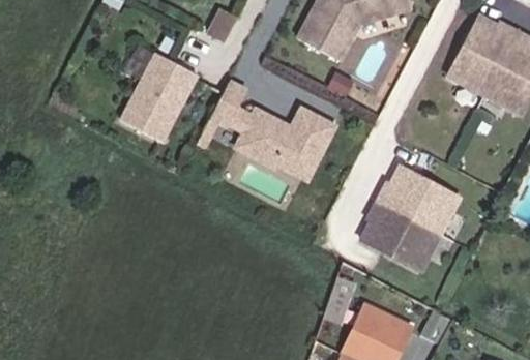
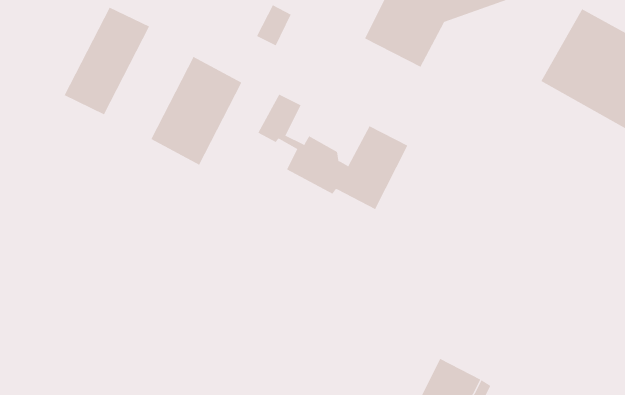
building: none -> [64,7,150,115]
building: [357,163,458,268] -> none

